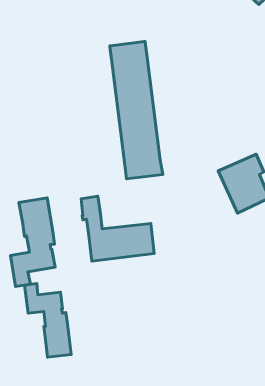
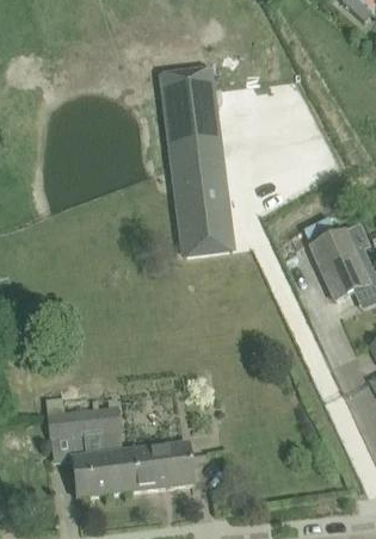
building: [81,196,154,261] -> [94,404,193,492]
building: [10,198,55,286] -> none

